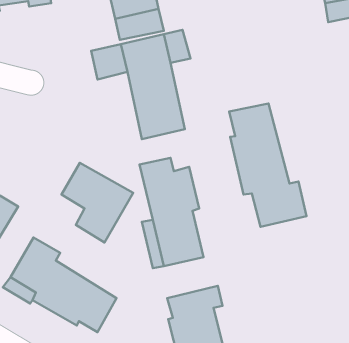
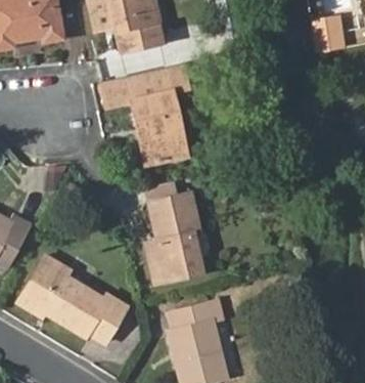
building: [229,104,307,227] -> none
building: [61,163,133,242] -> none

